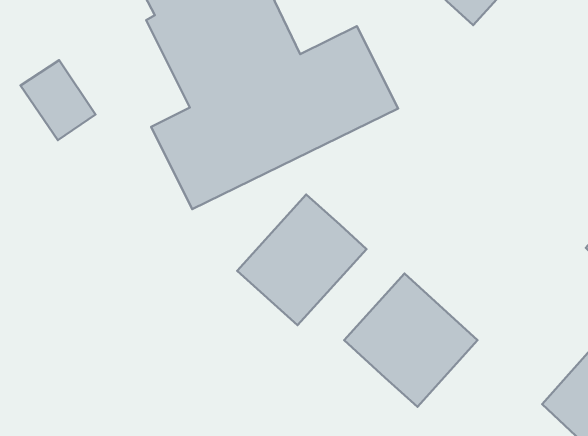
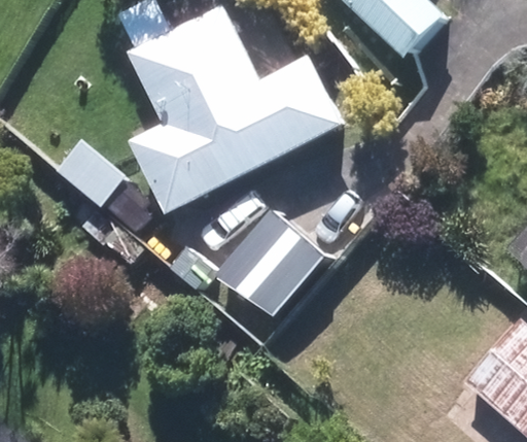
building: [344,274,478,407] -> none

